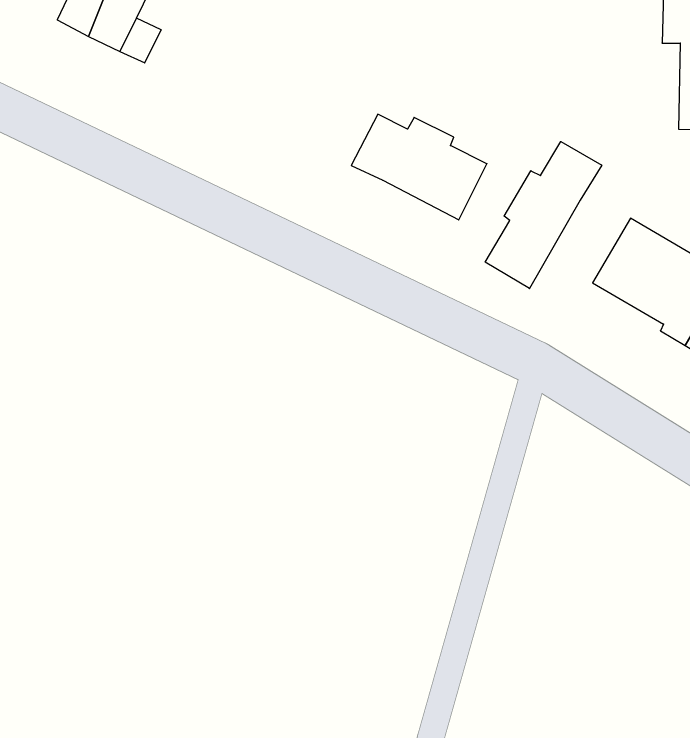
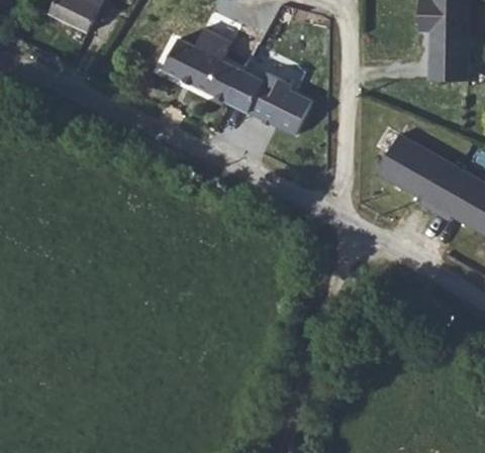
building: none -> [163,27,245,102]
building: [485,142,602,289] -> none

